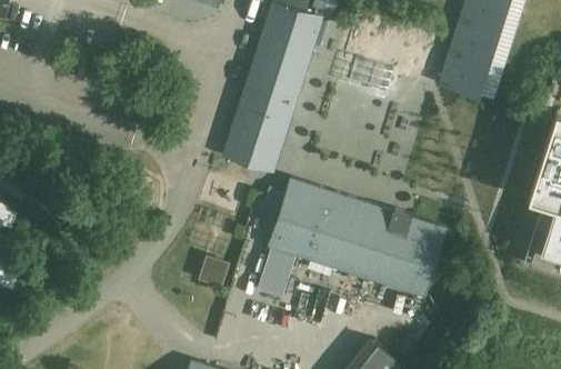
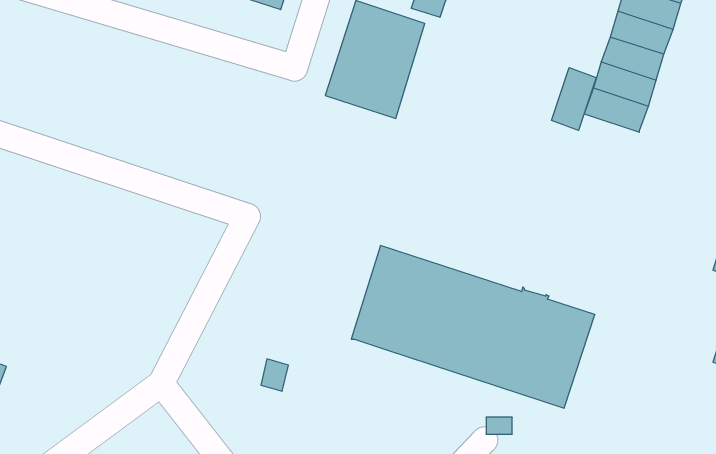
building: none -> [552,68,596,130]
building: [236,70,302,160] -> none
building: [258,247,295,297] -> none

